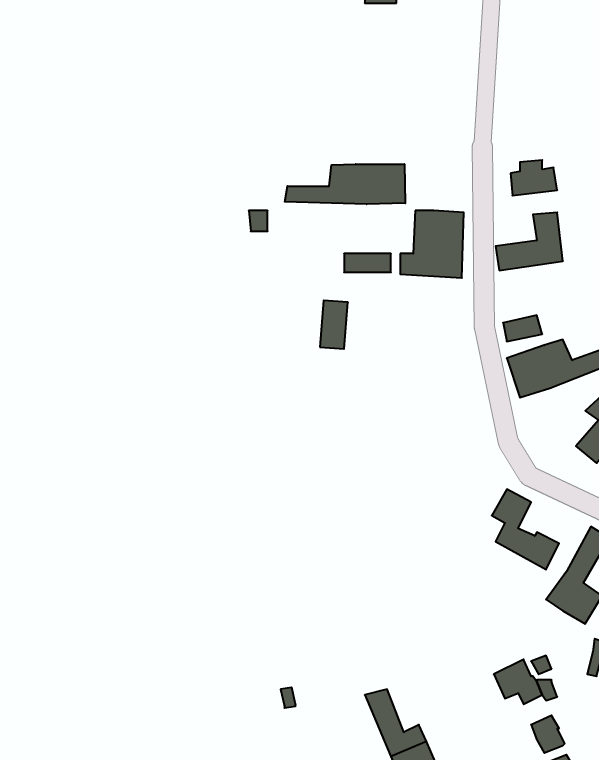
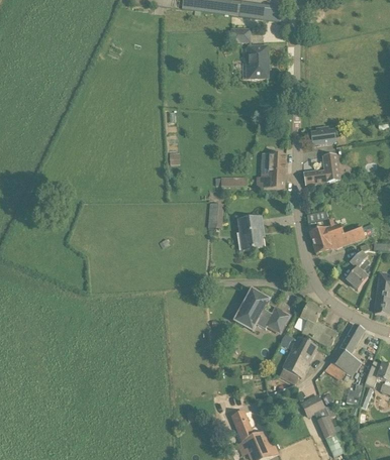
building: none -> [249,45,267,77]
building: [285,164,405,204] -> none
building: none -> [237,216,263,249]
building: none -> [234,290,289,332]
building: none -> [279,335,316,383]

